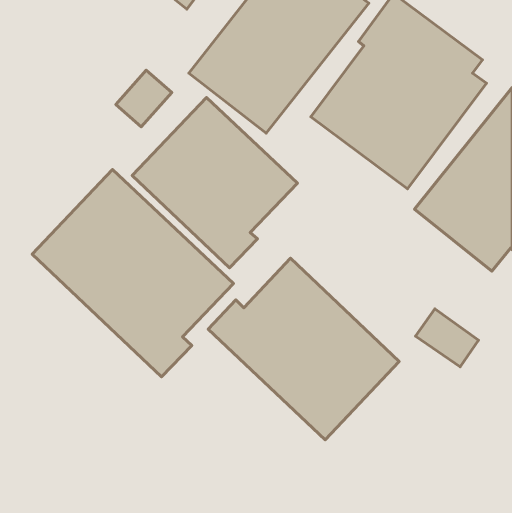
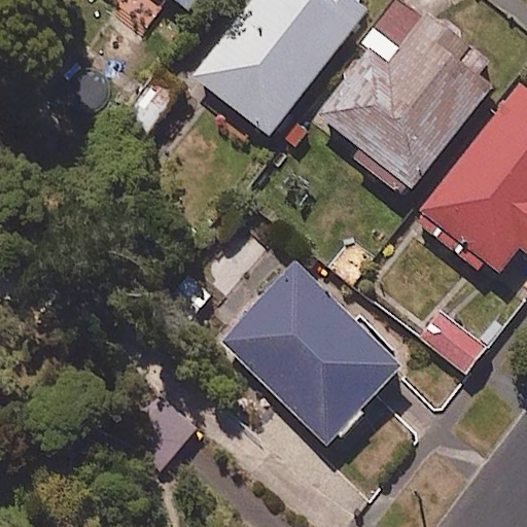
building: [132,97,297,268] -> none
building: [32,169,234,377] -> none

